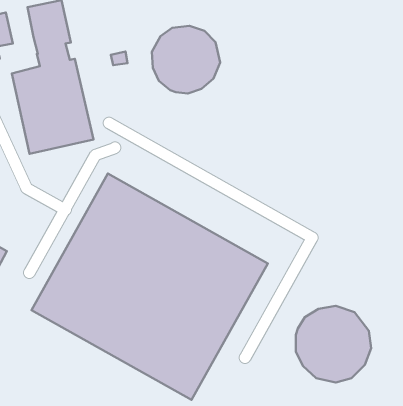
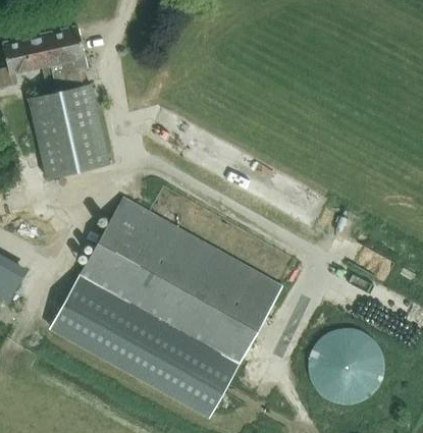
building: none -> [23,33,55,80]
building: [152,26,220,93] -> none

